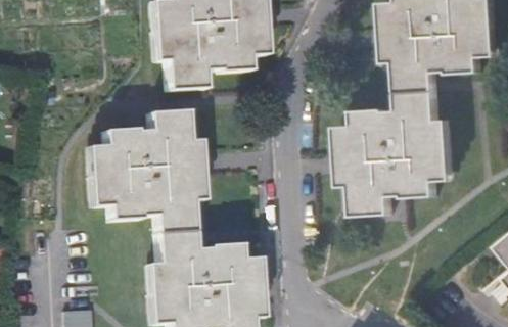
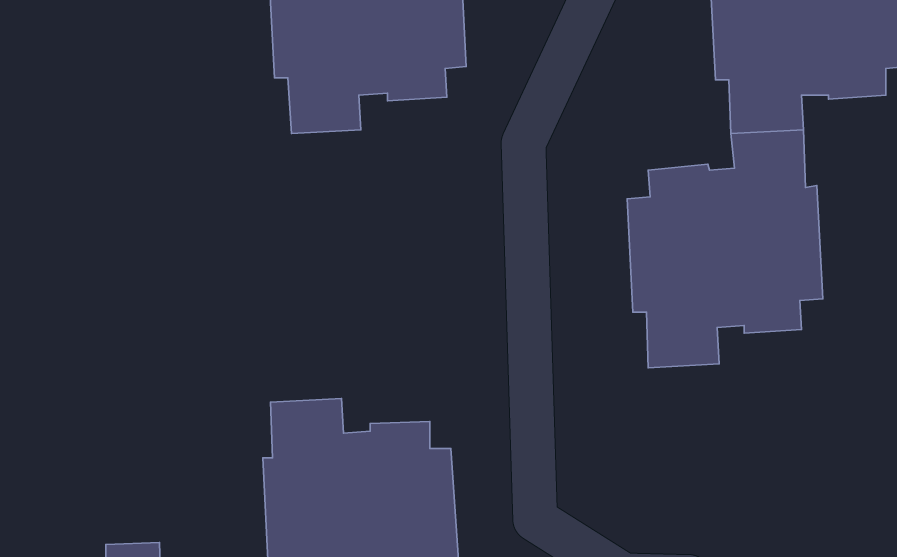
building: [89,109,194,233] -> none

